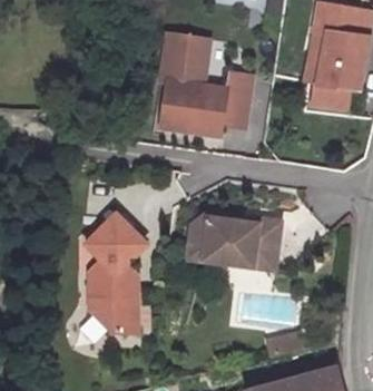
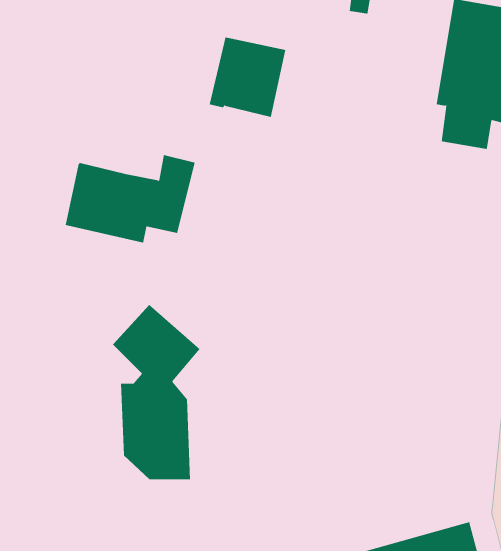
building: [157,71,247,133] -> [65,154,195,243]
building: [192,213,278,265] -> none

